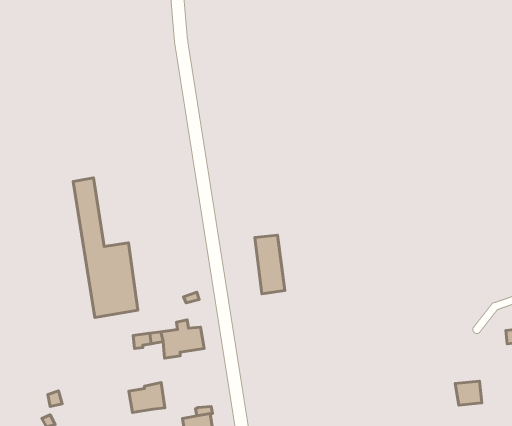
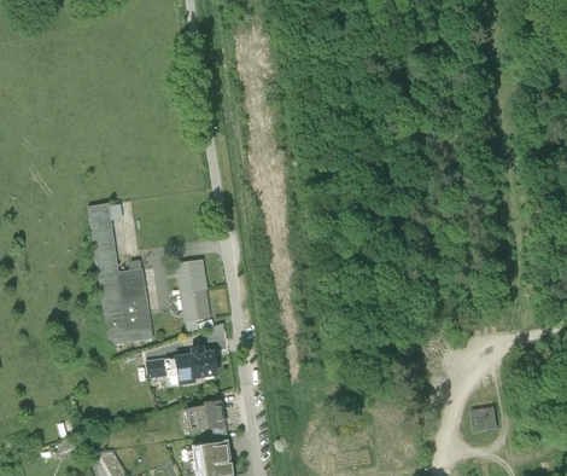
building: [255,235,285,294] -> [180,261,210,320]
building: [129,383,165,413] -> [188,400,224,430]

